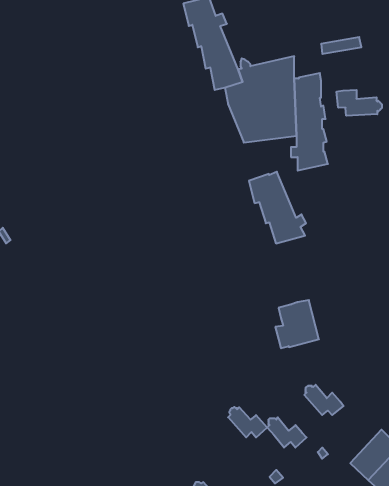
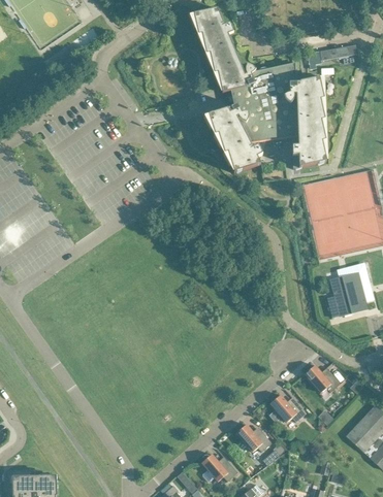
building: [337,90,382,116] -> none
building: [249,172,306,243] -> [209,106,261,172]
building: [275,300,319,348] -> [327,272,368,317]
building: [228,407,267,437] -> [235,424,272,452]

